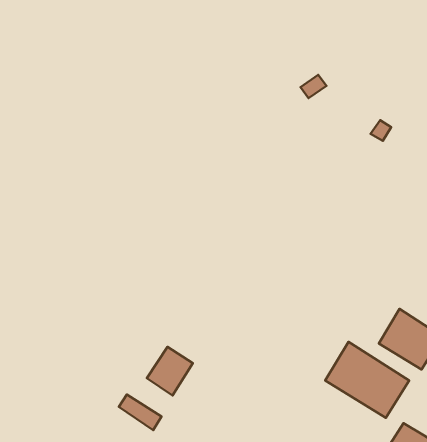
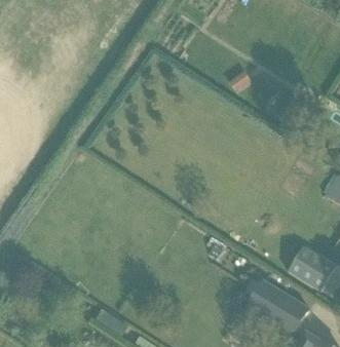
building: [147,347,193,396] -> none

